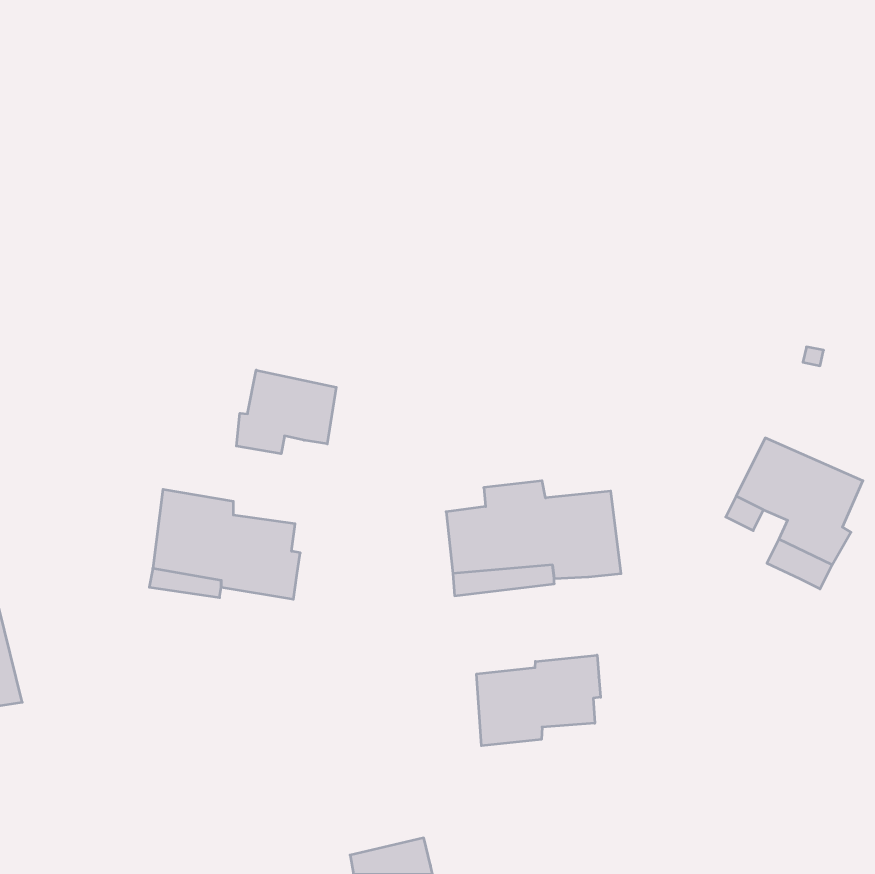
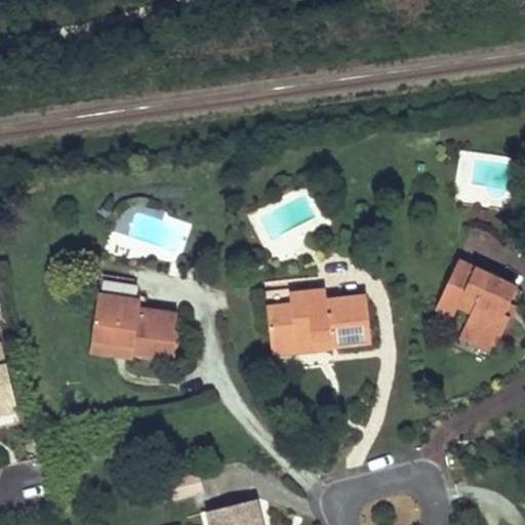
building: [236,370,336,454] -> none
building: [477,655,601,746] -> none

